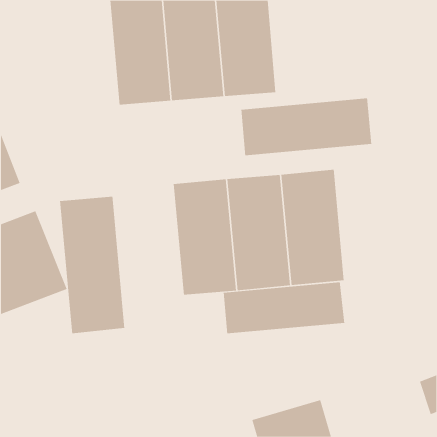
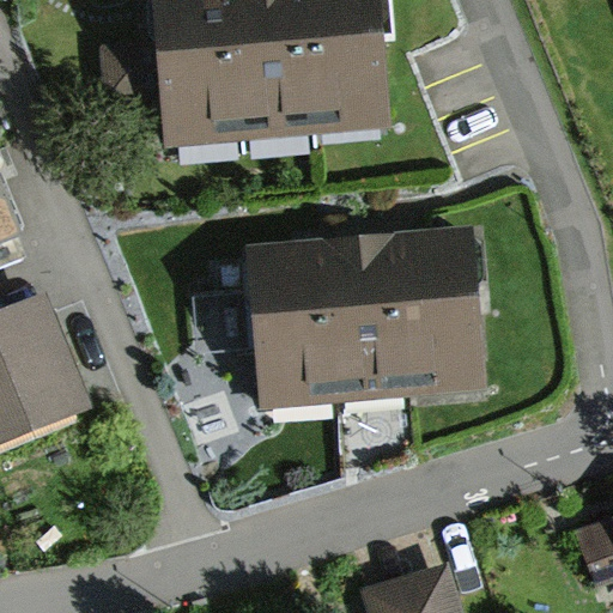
building: [241,97,372,156] -> none
building: [59,196,125,334] -> none
building: [223,281,345,334] -> none

